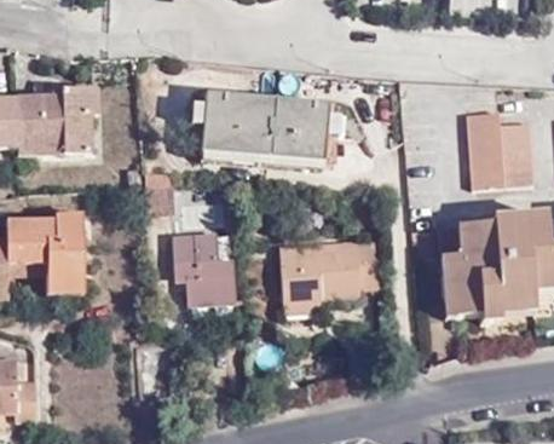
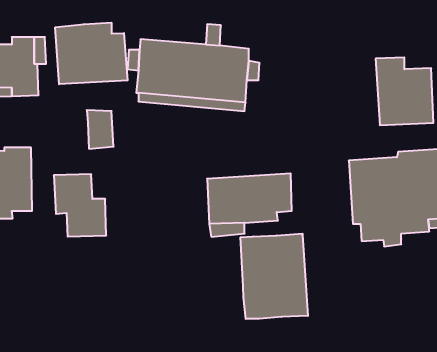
building: none -> [55,23,128,84]
building: [173,233,232,304] -> [54,174,106,237]
building: none -> [240,234,308,319]

